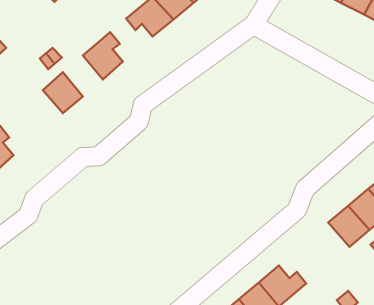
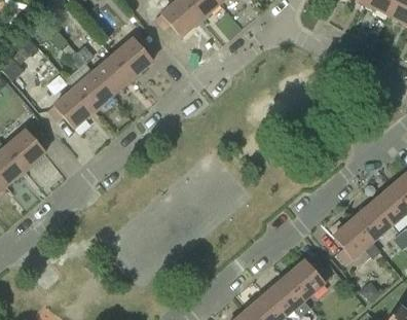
building: none -> [92,55,132,95]
building: none -> [46,88,92,128]
building: none -> [332,218,379,264]

